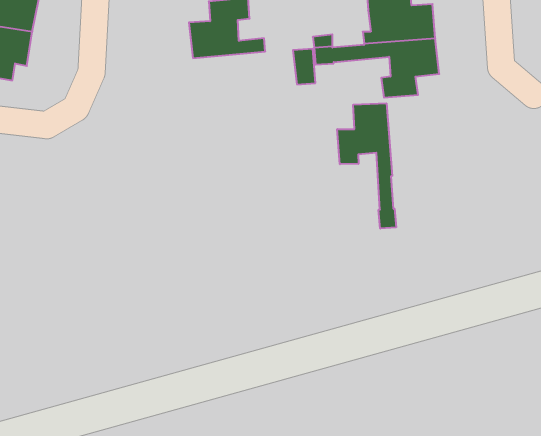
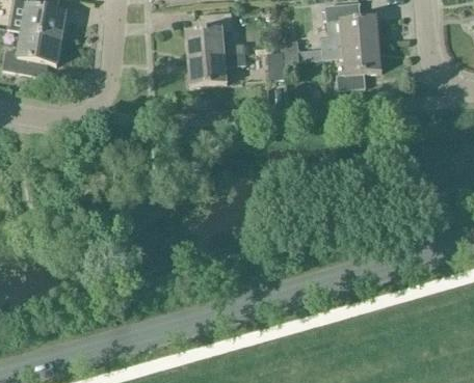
building: none -> [188,53,246,86]
building: [337,103,396,229] -> none

